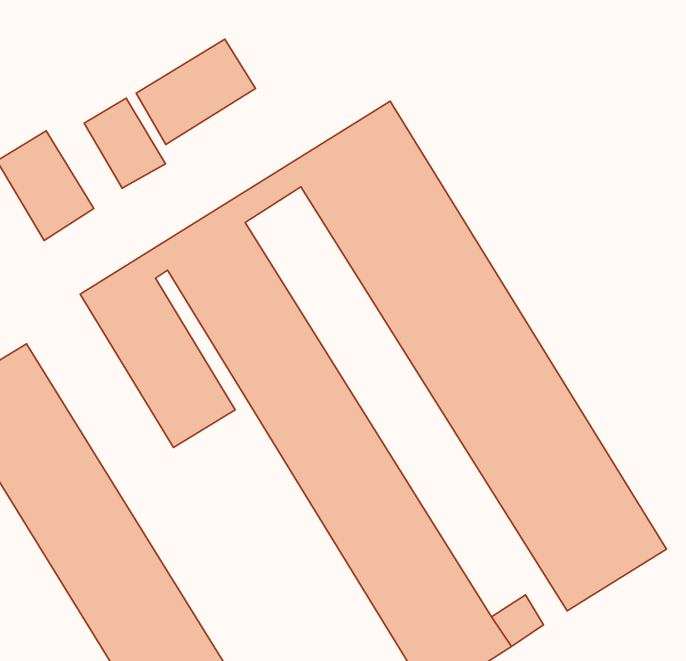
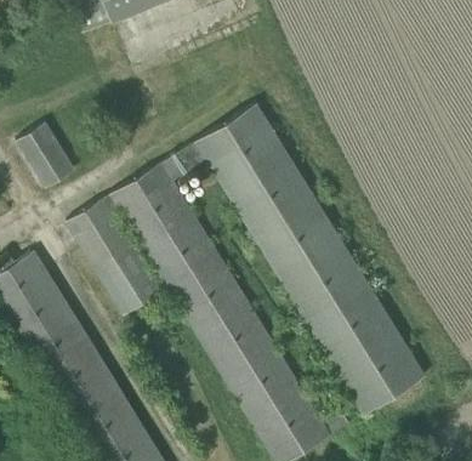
building: [136,39,256,145] -> none
building: [84,98,165,188] -> none

